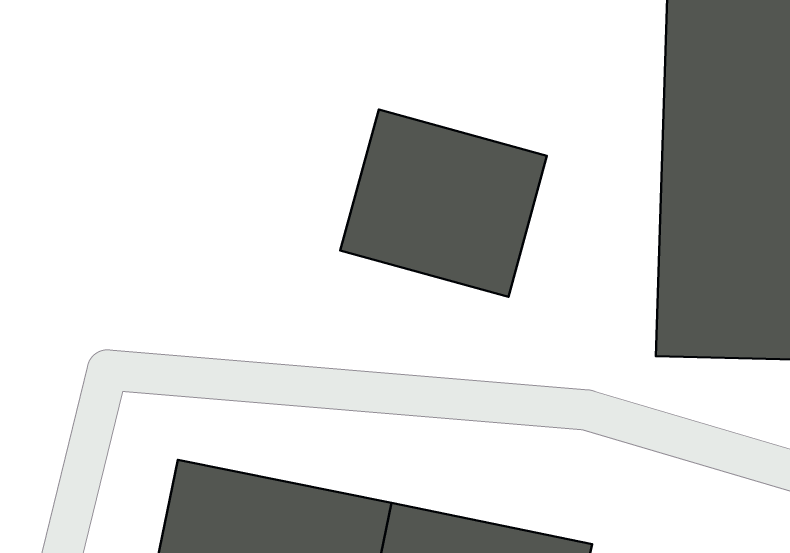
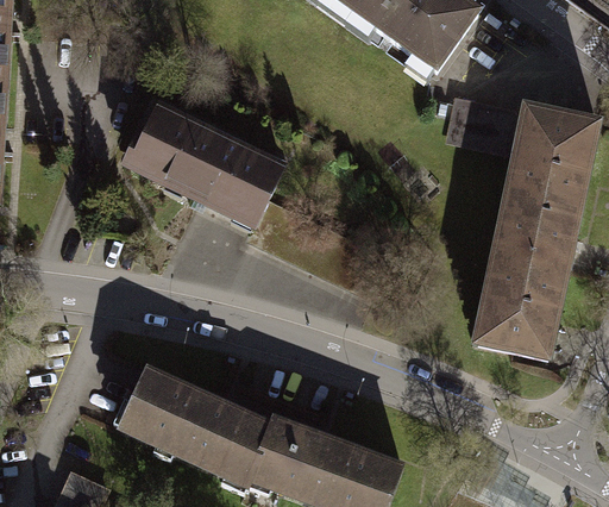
building: none -> [118,96,285,227]
building: [340,110,547,297] -> none

